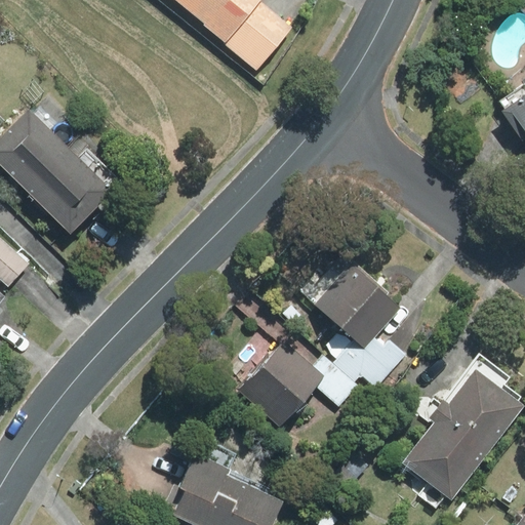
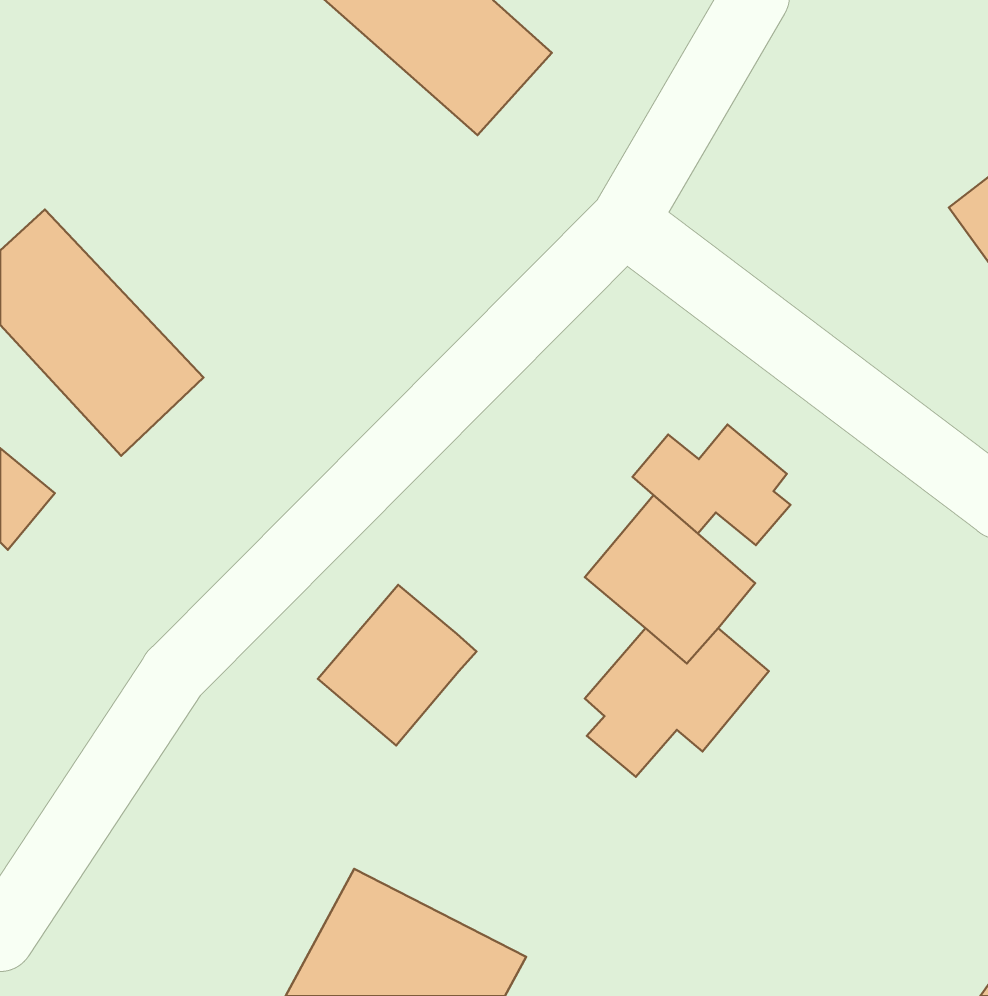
building: none -> [632,425,790,545]
building: [240,340,323,425] -> [318,585,476,745]
building: [402,368,520,498] -> none

